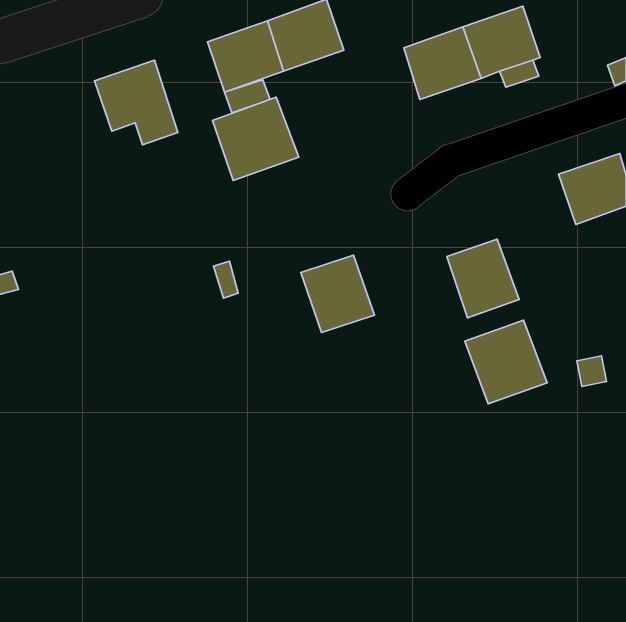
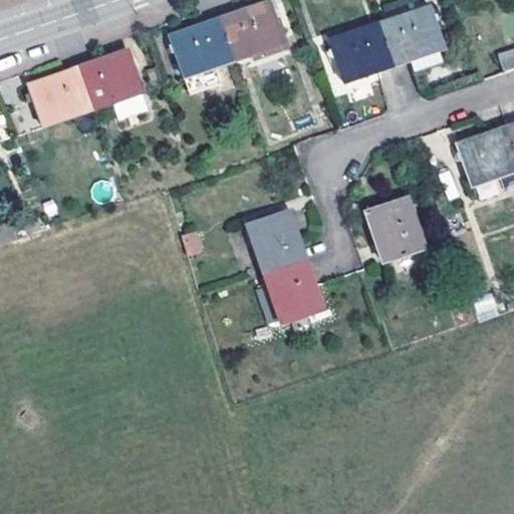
building: none -> [29,66,91,125]
building: [212,97,299,181] -> none
building: none -> [263,258,323,322]
building: [465,320,547,404] -> none

